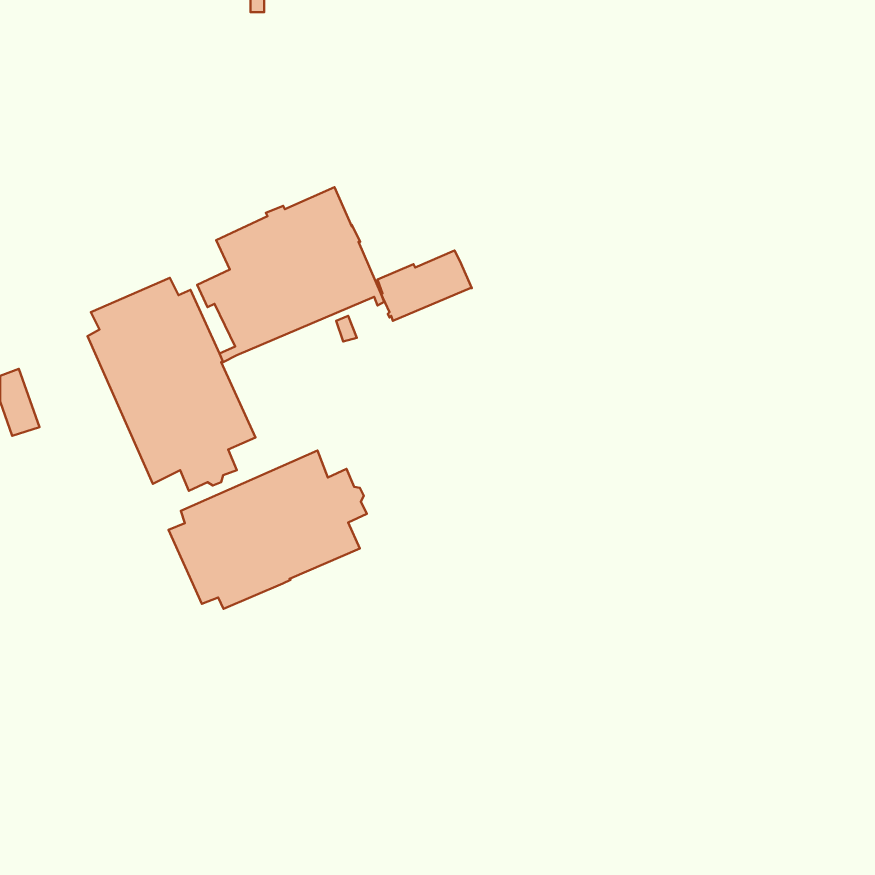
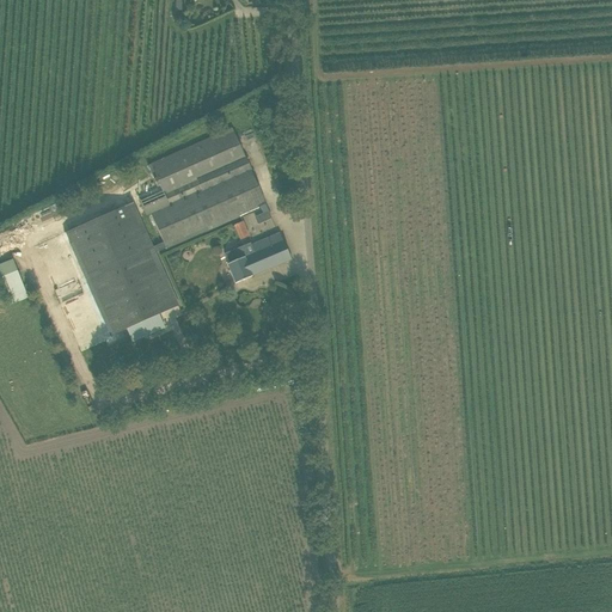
building: [377,250,472,321] -> [226,233,292,282]
building: [168,451,367,609] -> none

